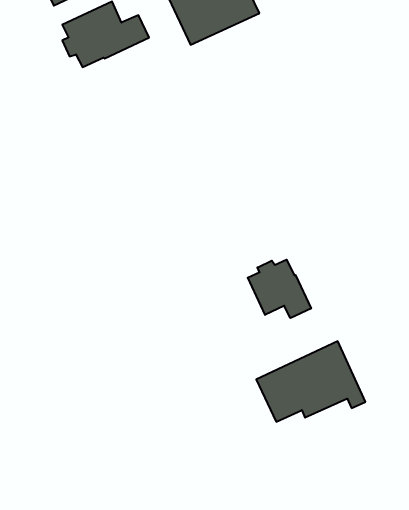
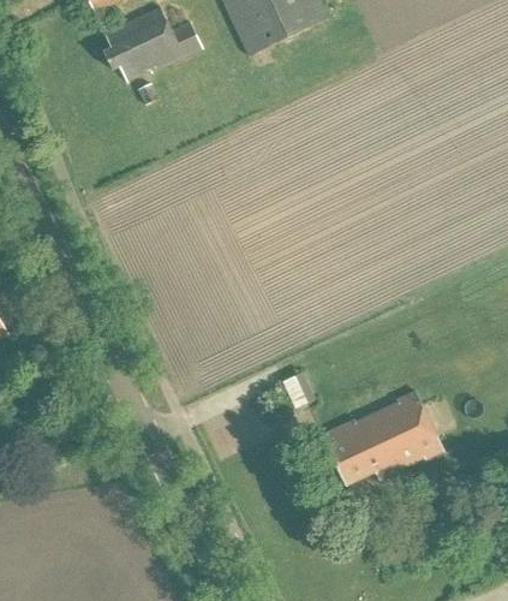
building: [248,260,311,318] -> none

